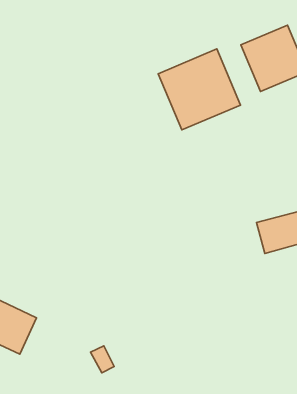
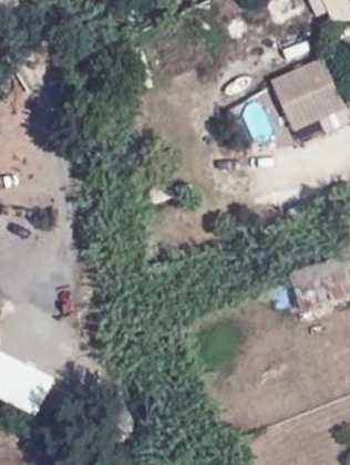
building: [158,49,241,130] -> none

